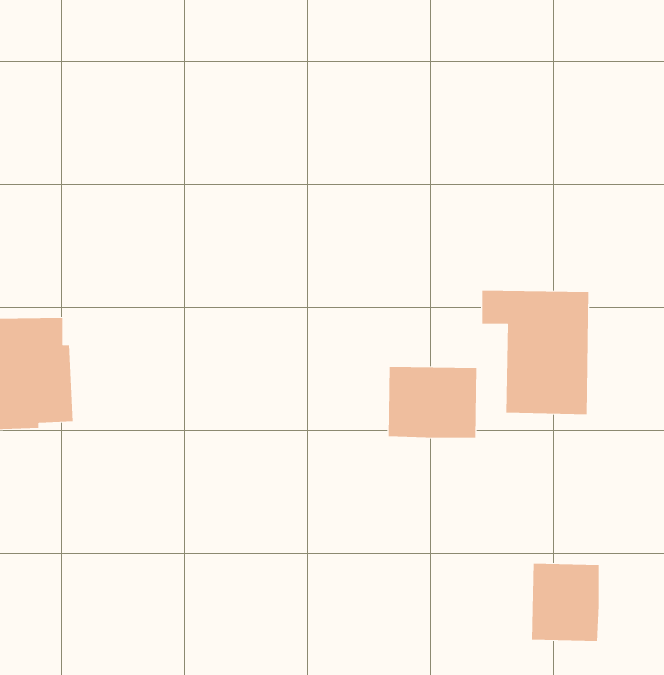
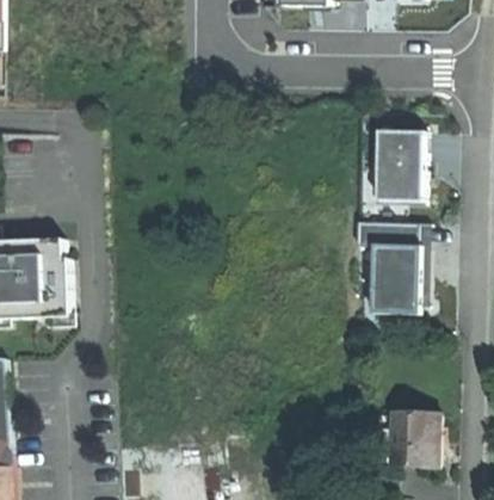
building: none -> [369,130,420,205]
building: [388,366,477,438] -> none

